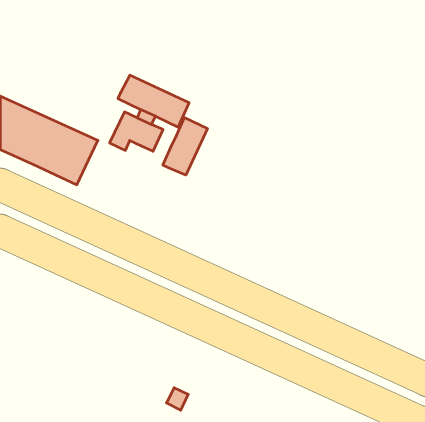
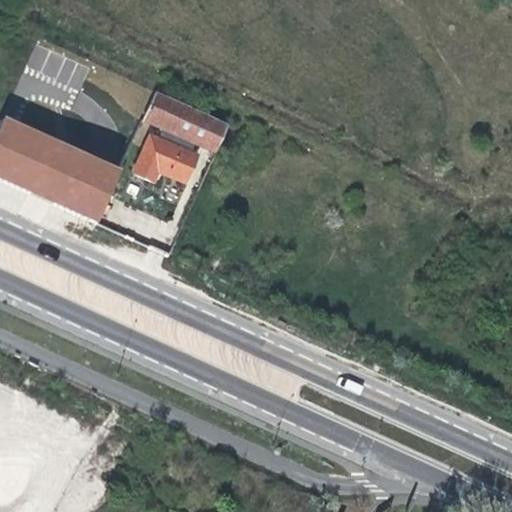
building: [163,118,207,175] -> none

